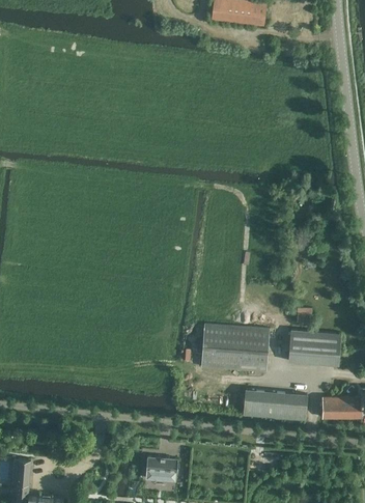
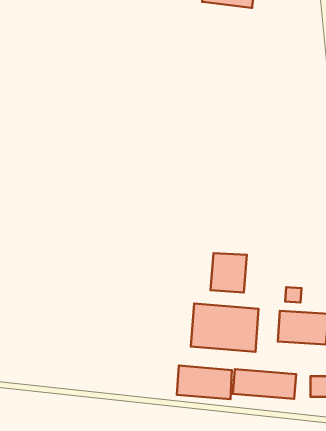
building: none -> [211,253,247,293]
building: none -> [177,366,232,399]

